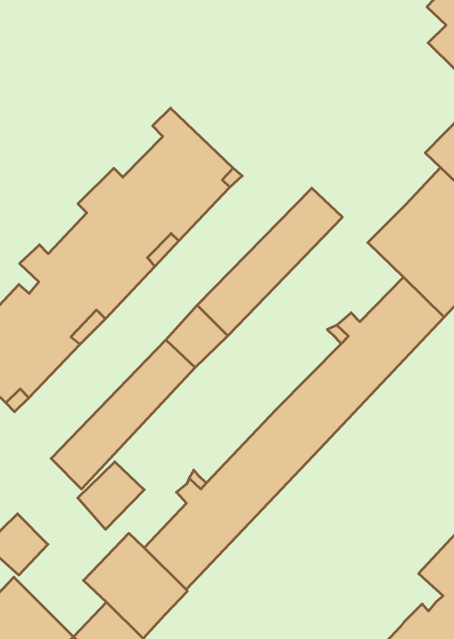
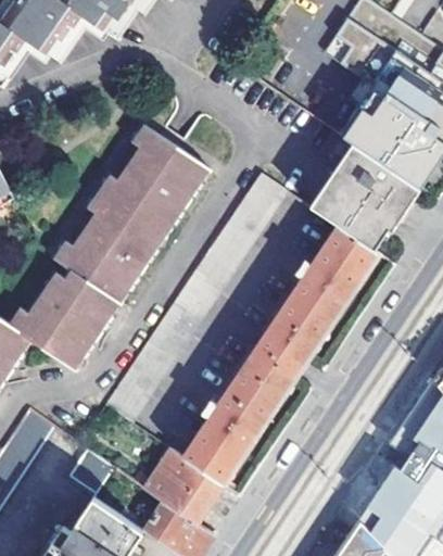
building: [78,462,144,529] -> none

